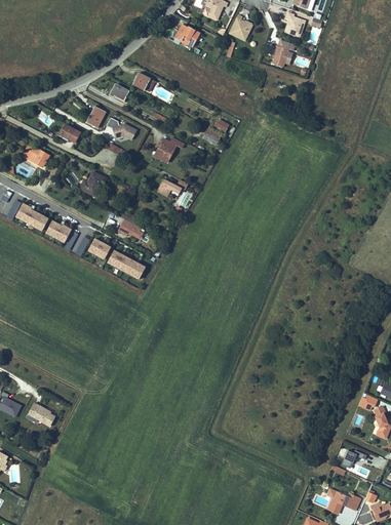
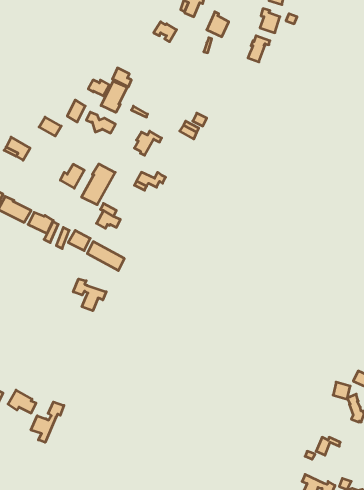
building: none -> [101,81,127,112]
building: none -> [82,164,115,205]
building: none -> [73,279,106,311]
building: none -> [31,402,64,442]

